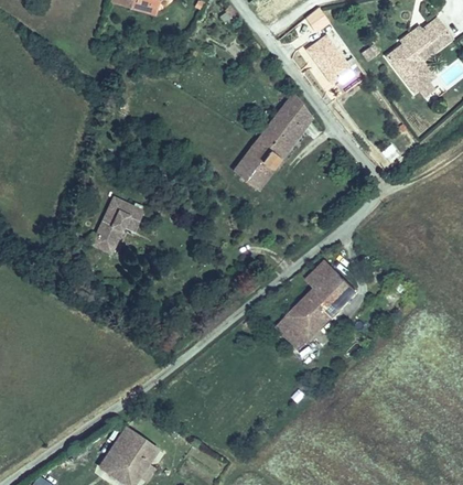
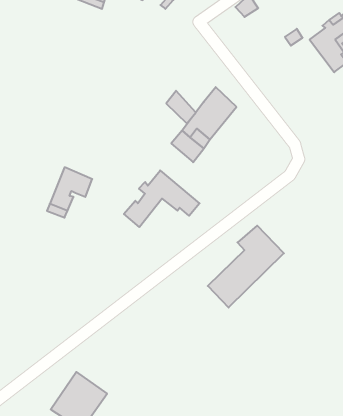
building: [304,34,349,84] -> none
building: [281,94,314,130] -> [166,91,196,123]
building: none -> [124,170,200,227]

